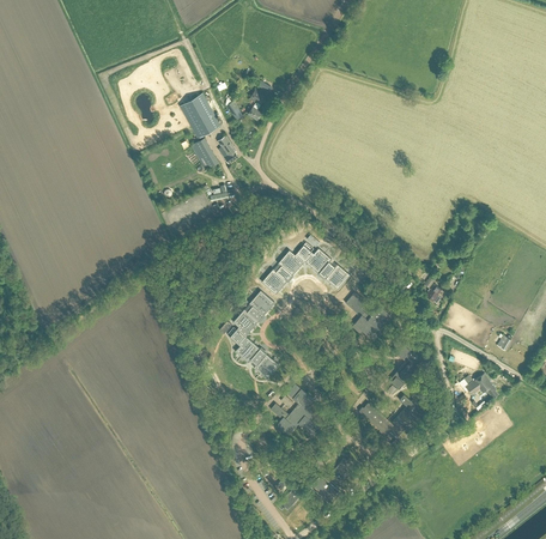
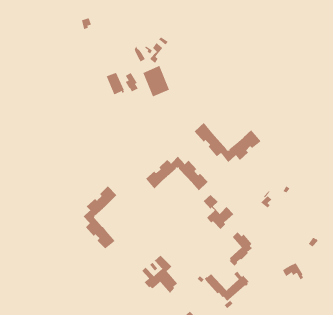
building: [180,93,220,139] -> [142,65,170,97]
building: none -> [194,122,261,163]
building: [230,290,279,378] -> [83,186,117,249]

